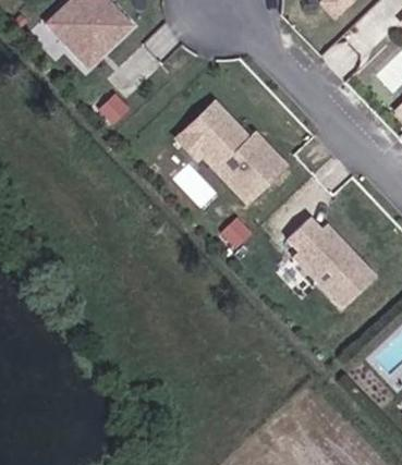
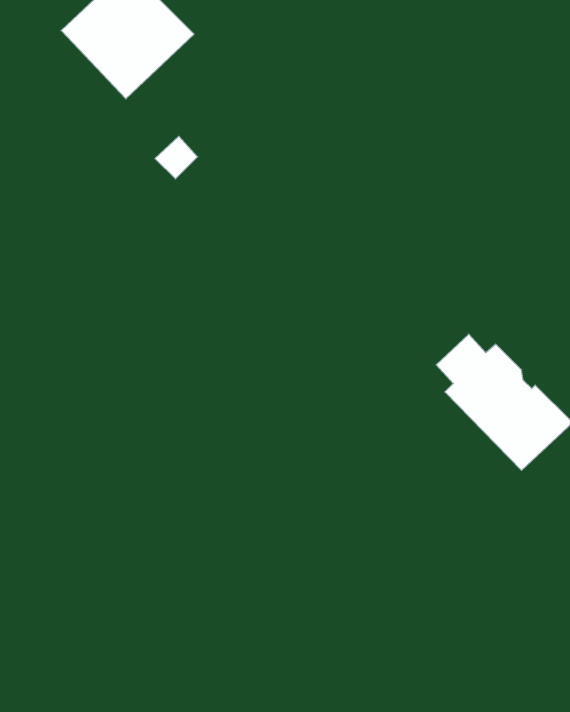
building: [186,103,283,200] -> none

